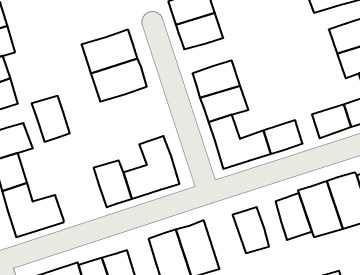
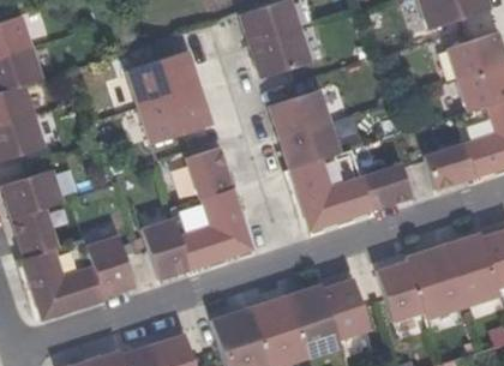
building: [32,96,70,142] -> [88,236,137,295]
building: none -> [186,146,233,198]
building: none -> [284,283,341,358]

